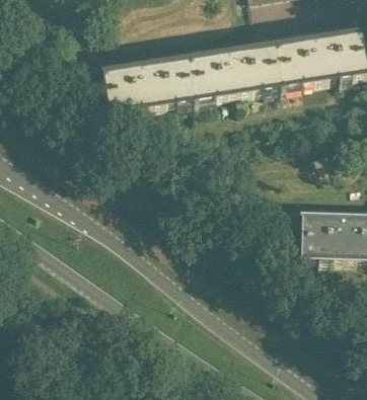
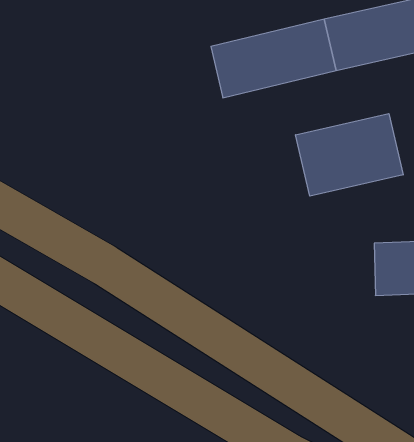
building: [104,57,198,109] -> none
building: none -> [296,114,403,196]

